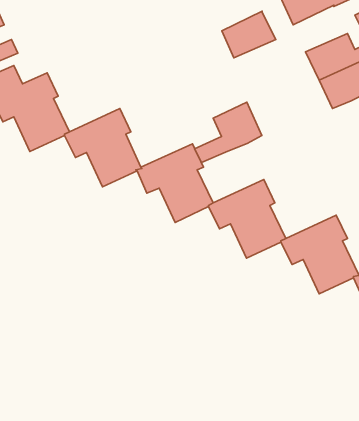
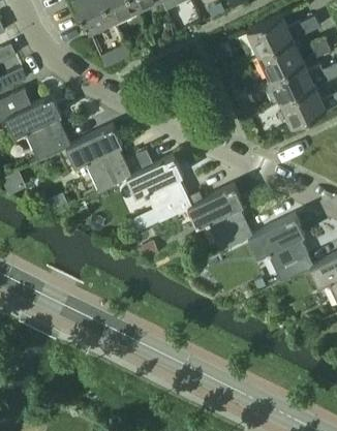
building: [222,11,276,58] -> [258,39,304,79]
building: [195,102,262,162] -> none

